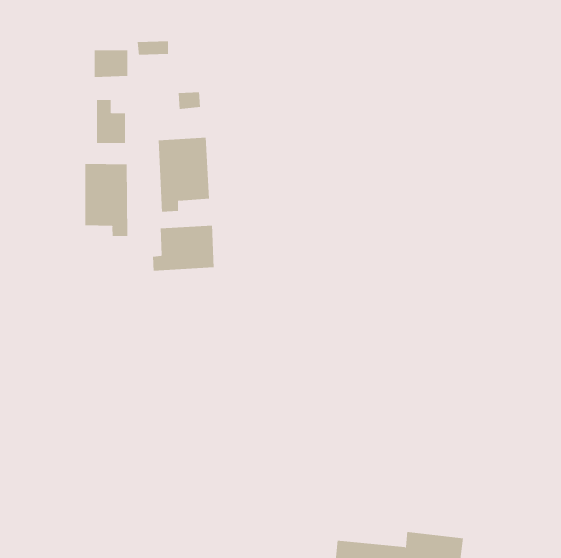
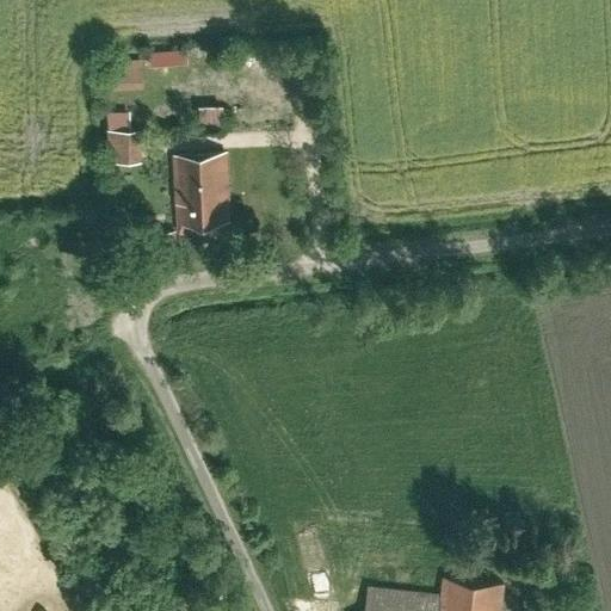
building: [85,163,128,237] -> none
building: [153,225,214,272] -> none

